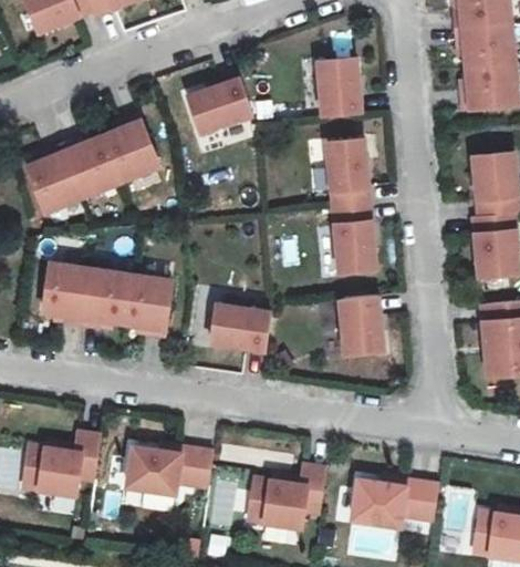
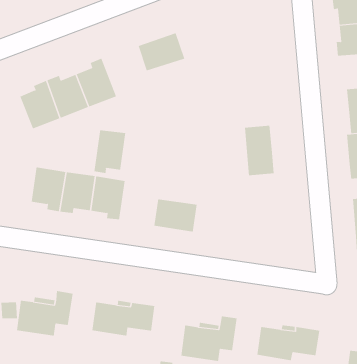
building: [318,61,361,120] -> none
building: [327,141,368,209] -> none
building: none -> [94,129,126,174]
building: [339,296,382,354] -> none

